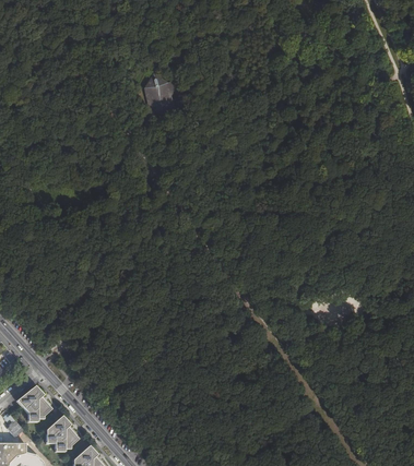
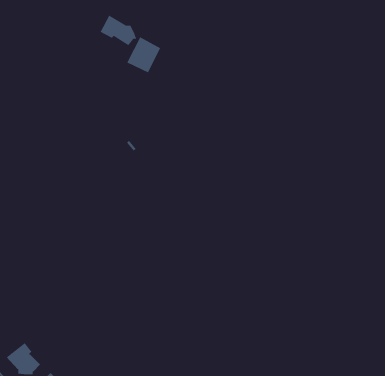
building: none -> [100,14,137,46]

